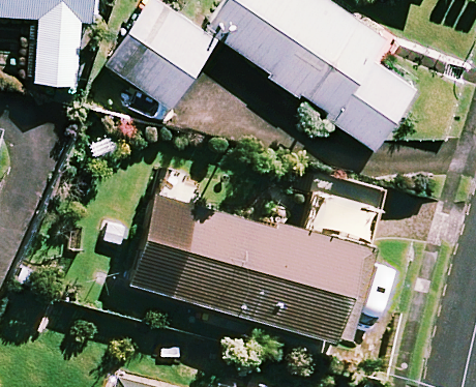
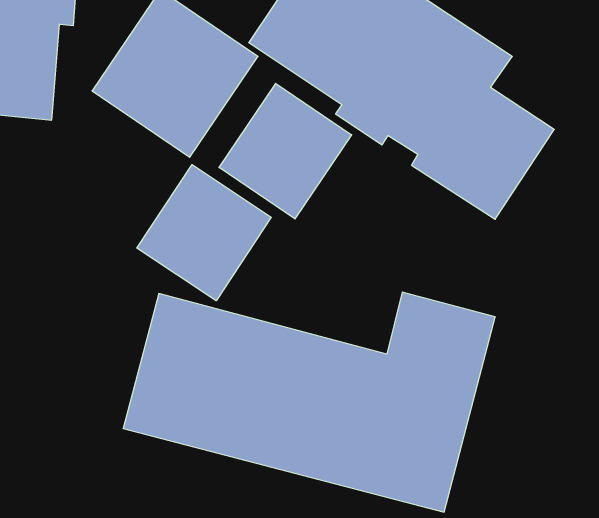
building: none -> [219,83,352,219]
building: none -> [137,165,271,301]

